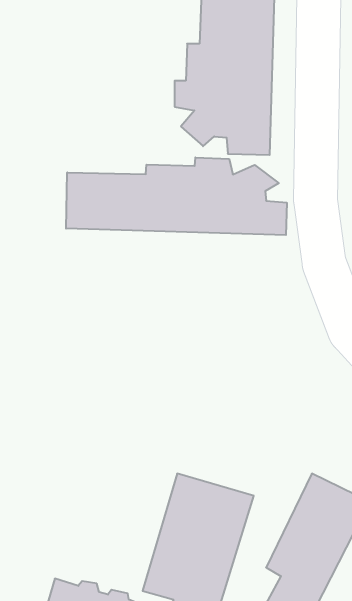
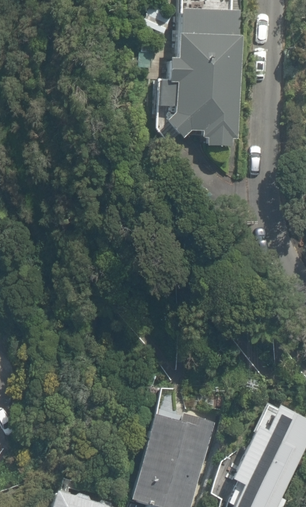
building: [66,157,287,235] -> none

